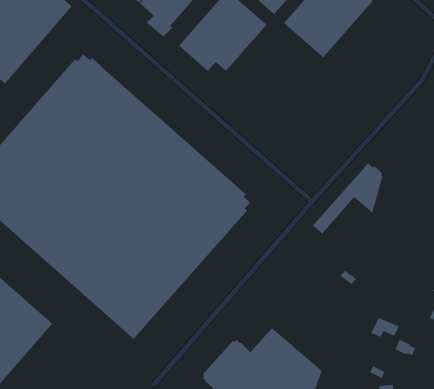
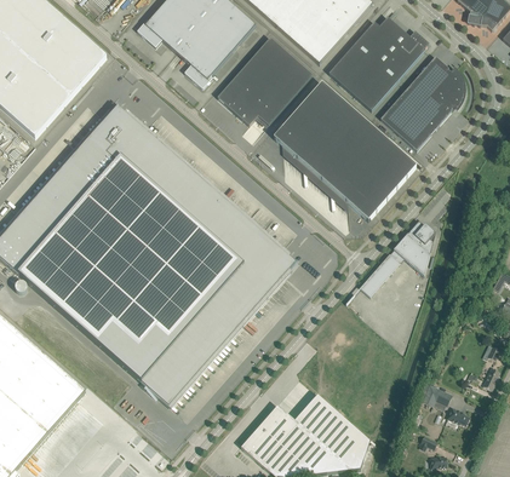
building: none -> [379,54,463,149]
building: none -> [273,81,416,219]

